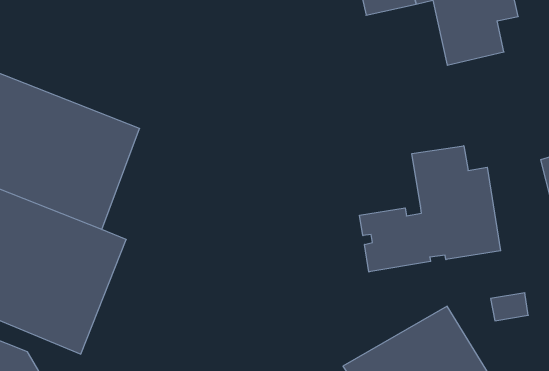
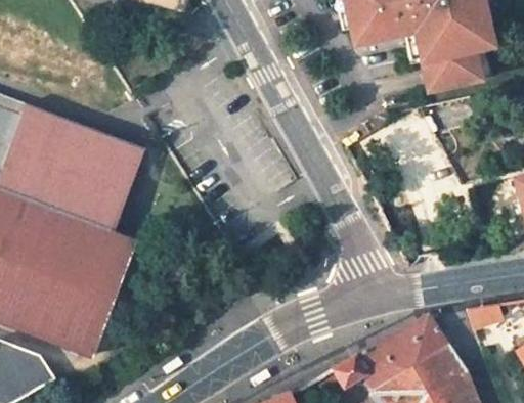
building: [360,146,501,272] -> none

